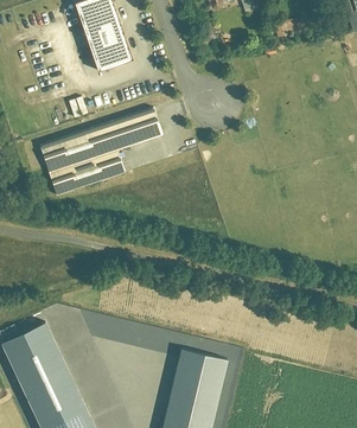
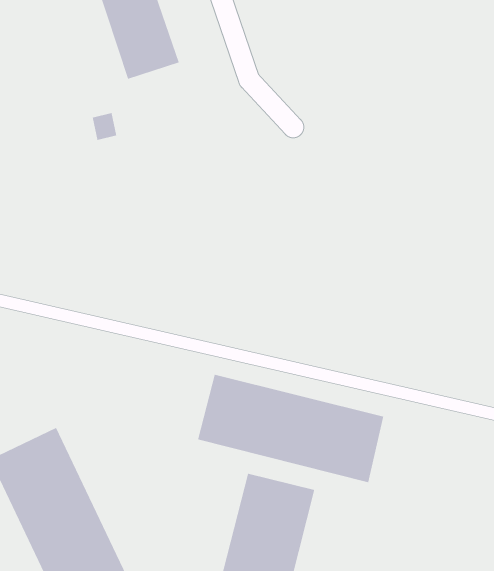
building: [38,106,166,197] -> none
building: none -> [197,374,384,483]

